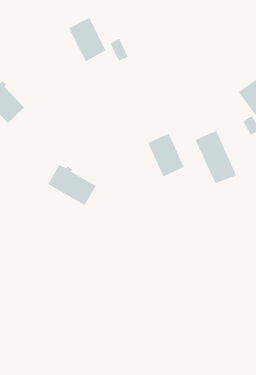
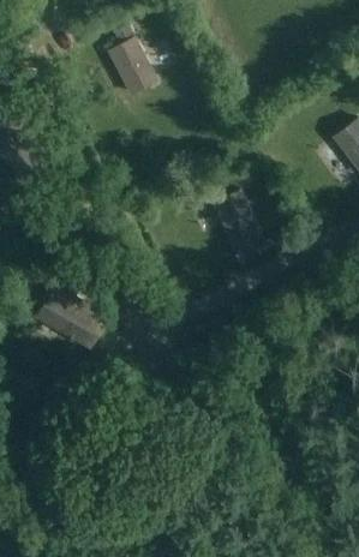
building: [195,130,237,184] -> none
building: [47,164,97,206] -> [40,289,106,345]

